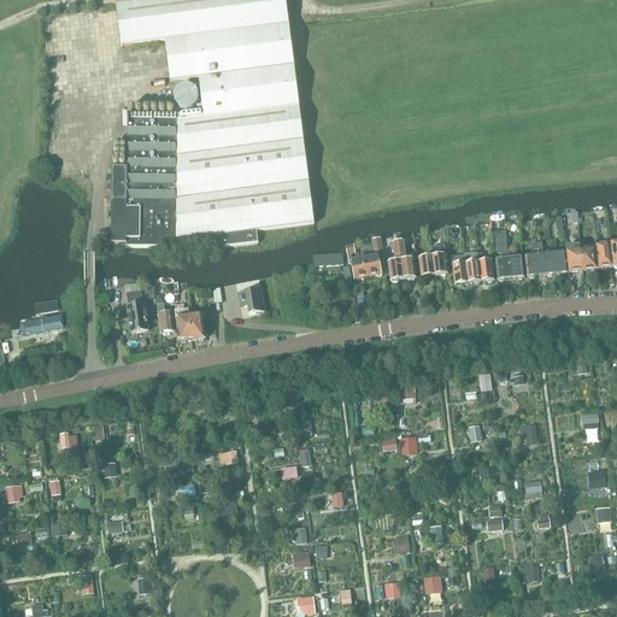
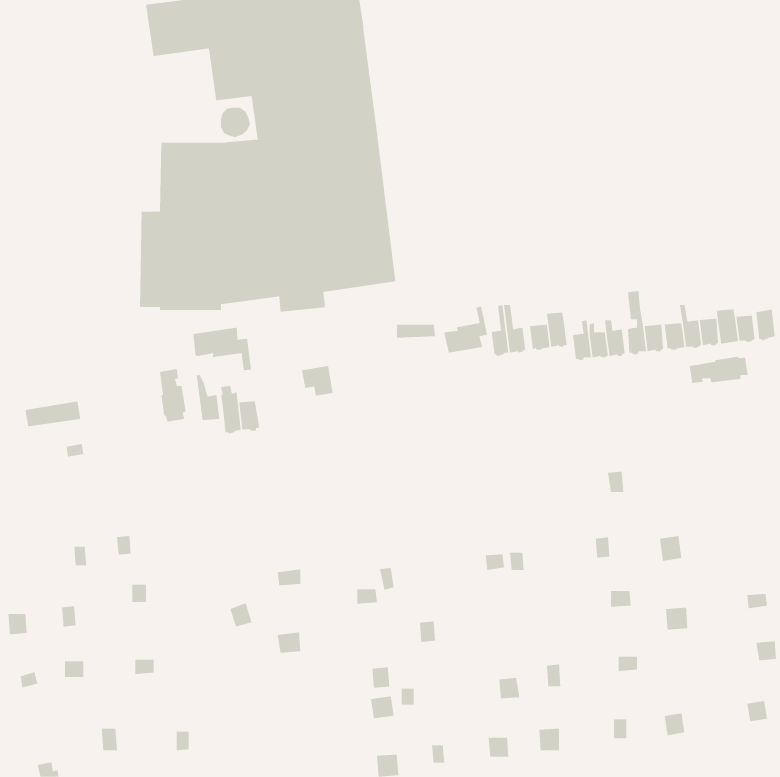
building: none -> [193,327,251,371]
building: none -> [689,356,748,384]

